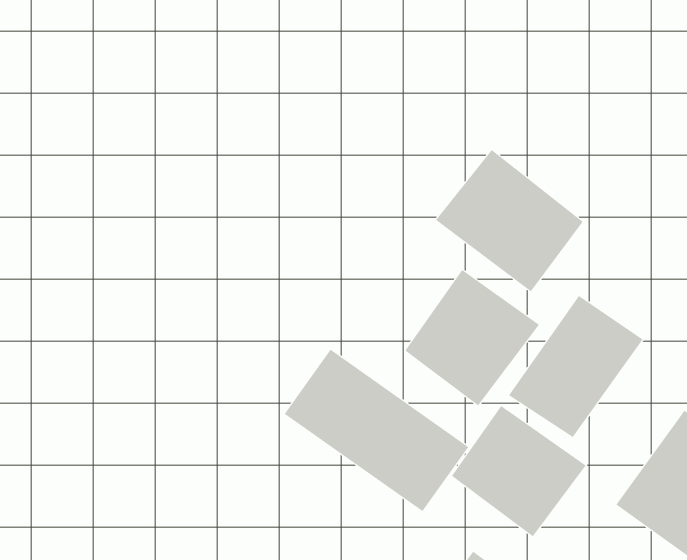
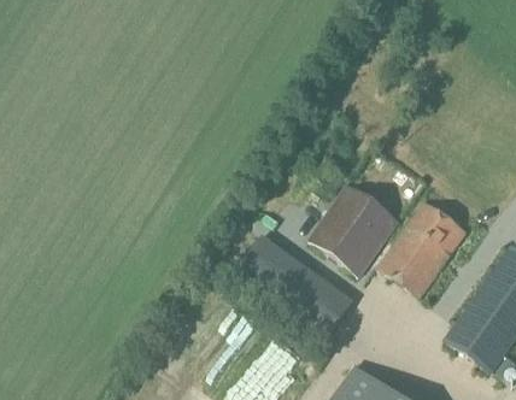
building: [435,149,584,292] -> none
building: [451,405,586,537] -> none

